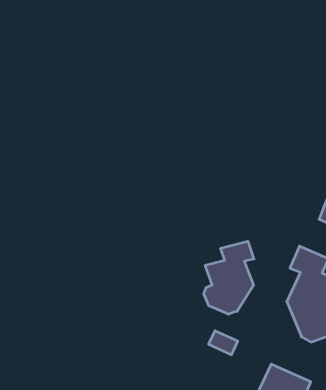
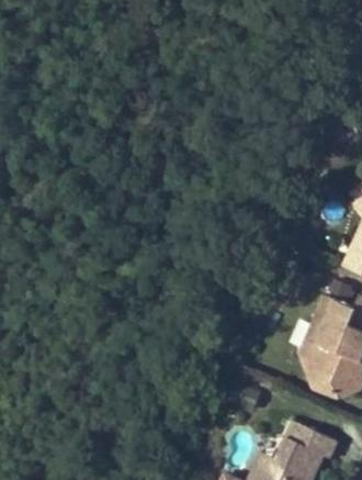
building: [204,241,254,314] -> none

